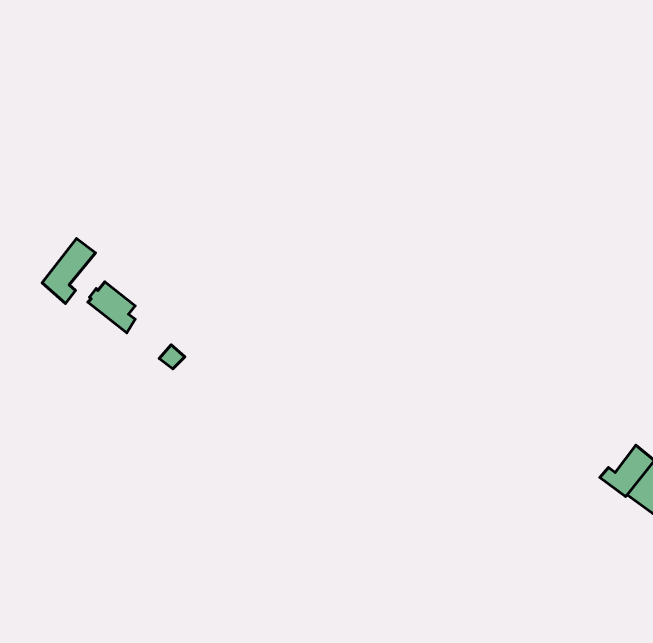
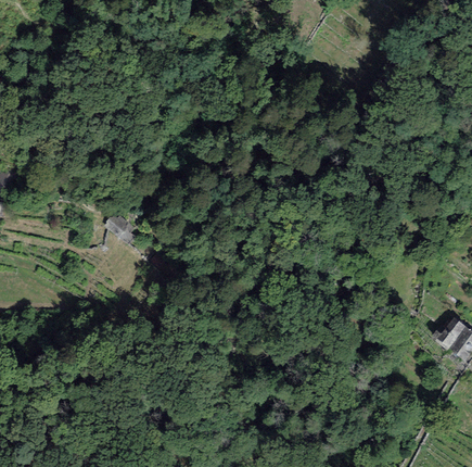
building: [42,238,96,303] -> none

